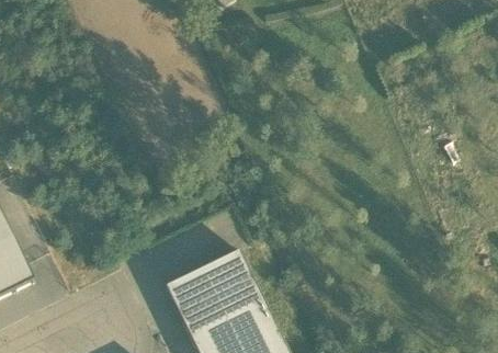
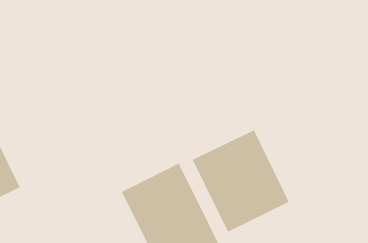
building: none -> [192,129,289,232]

